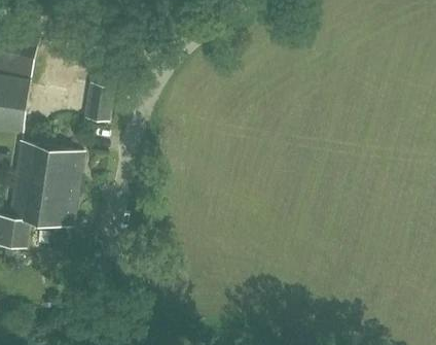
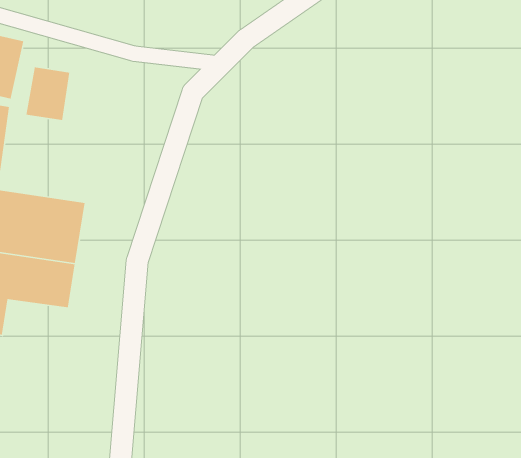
building: [81,82,113,122] -> [26,66,70,121]

